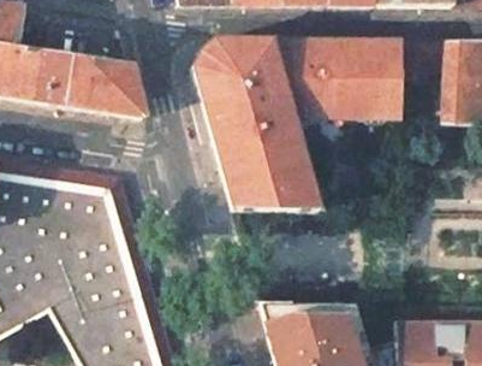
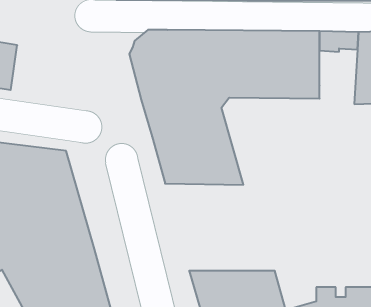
building: [60,57,142,118] -> none

